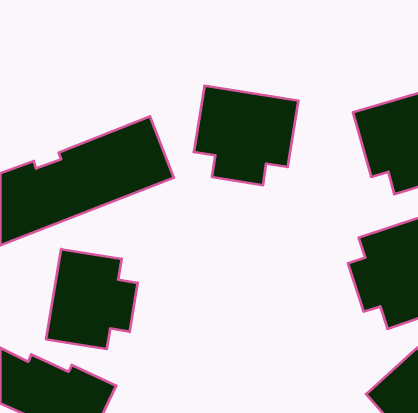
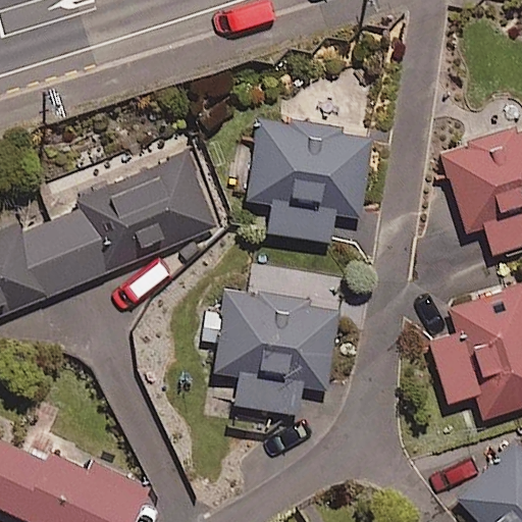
building: none -> [203,286,343,437]
building: [46,249,138,349] -> none

